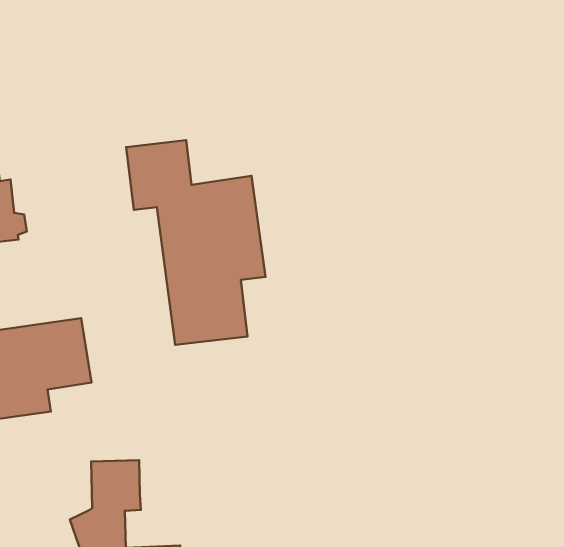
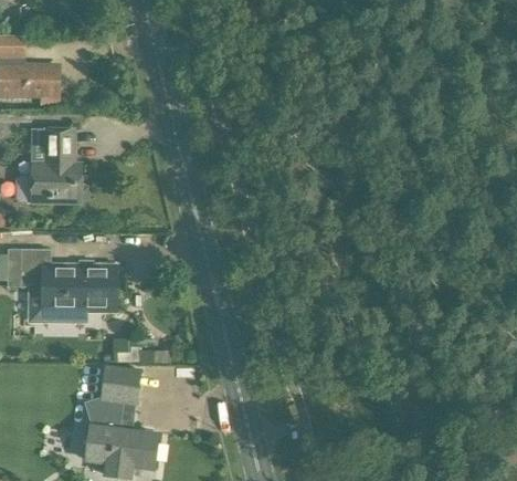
building: [126,140,265,345] -> none

